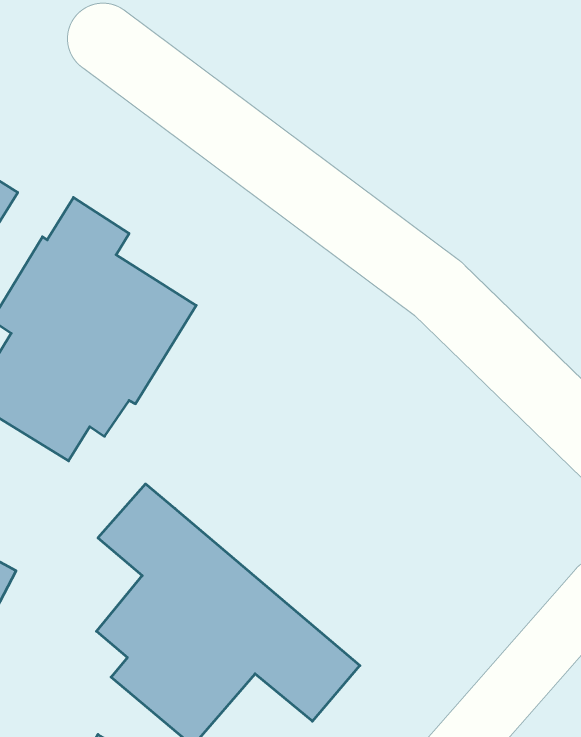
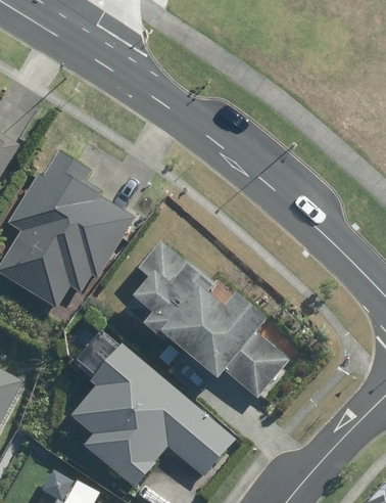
building: none -> [123,240,288,397]

